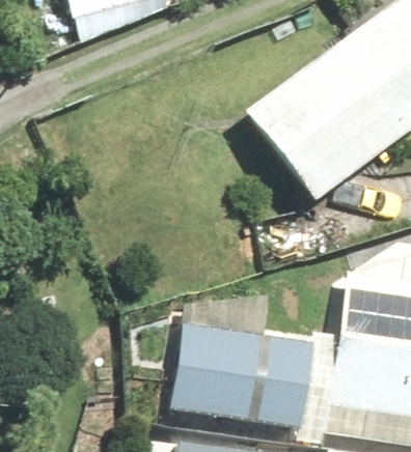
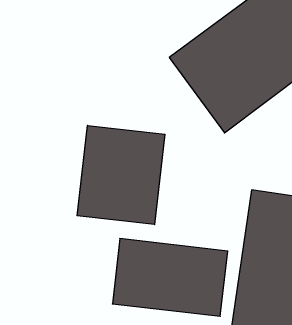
building: none -> [77,125,165,225]

